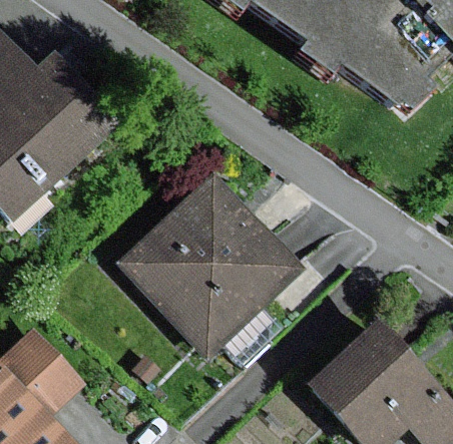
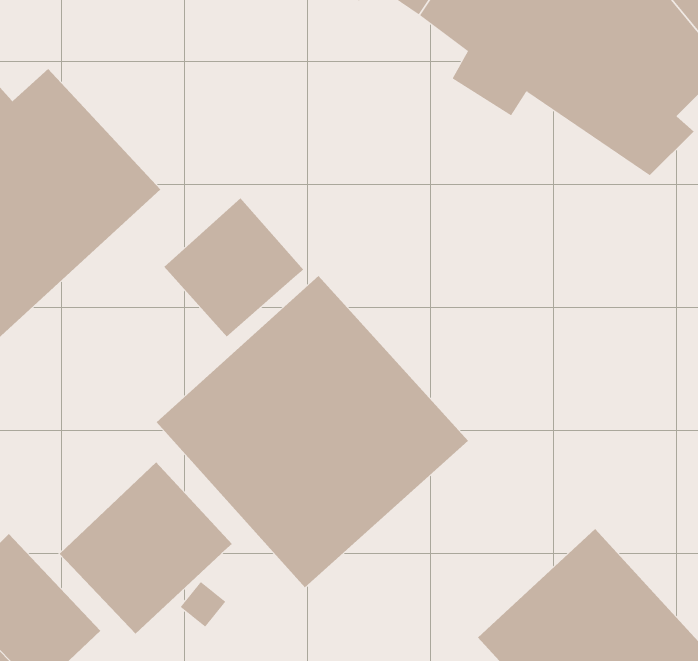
building: none -> [164,198,304,337]
building: none -> [59,462,233,635]

